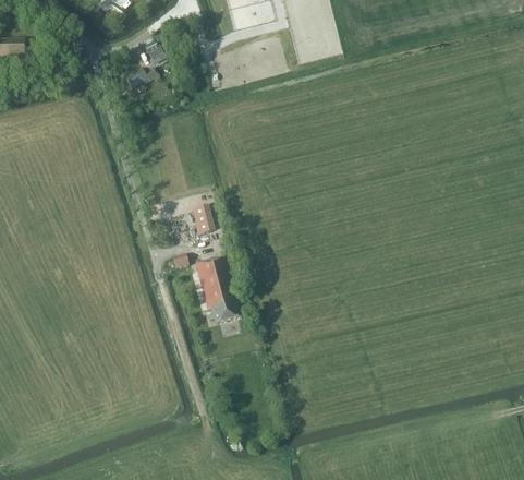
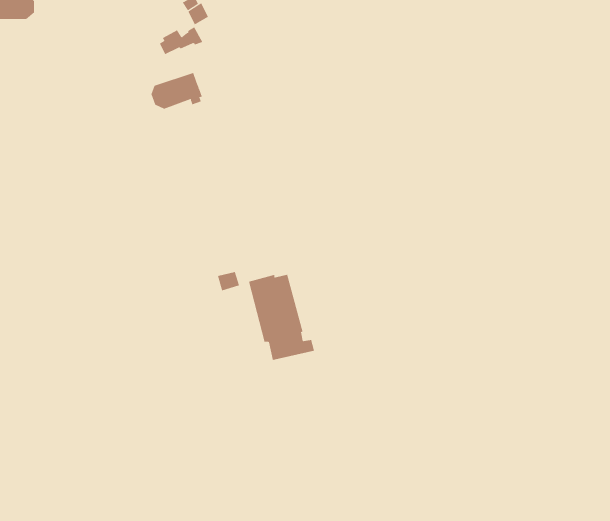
building: none -> [151,72,202,109]
building: [192,204,214,233] -> none

